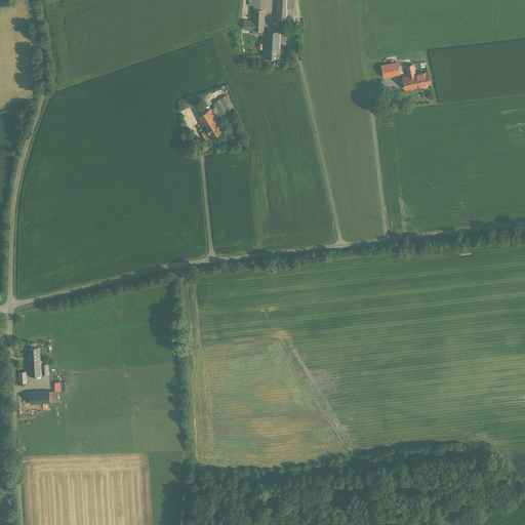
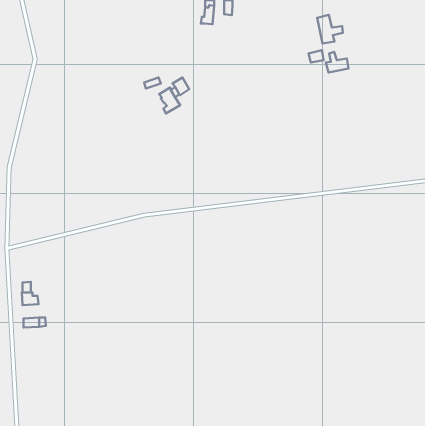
building: none -> [317,15,343,43]
building: [262,30,279,57] -> none

